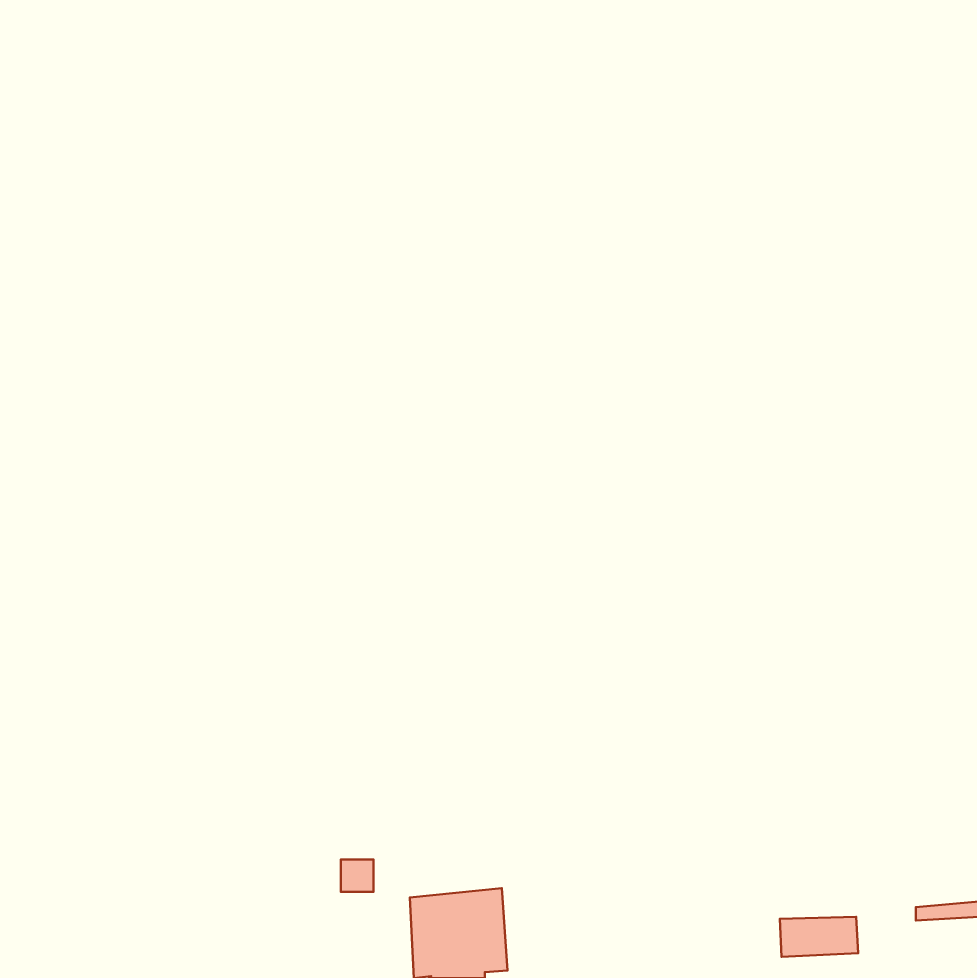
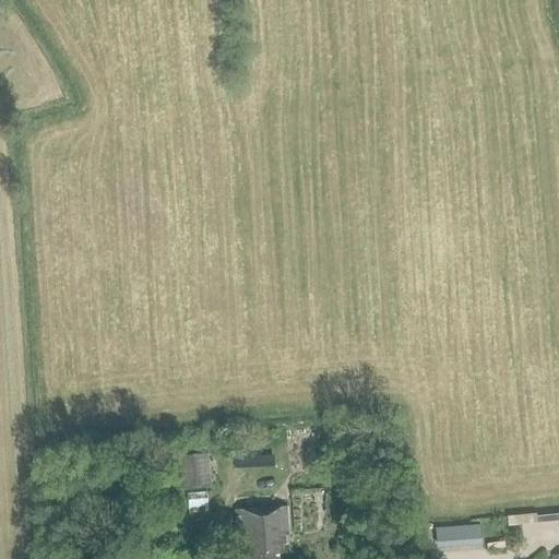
building: none -> [178,455,207,489]

